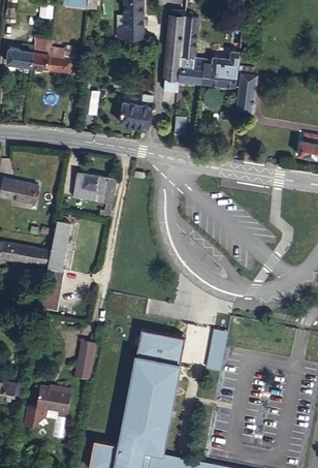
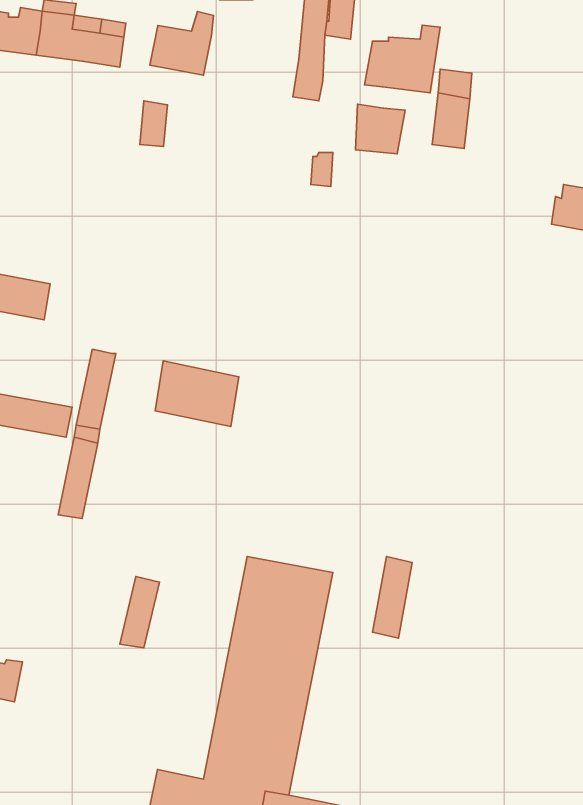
building: [180,57,205,83] -> [356,104,405,154]
building: [120,95,153,128] -> [150,11,214,75]
building: [74,171,118,206] -> [155,361,239,427]
building: [26,382,72,423] -> none

